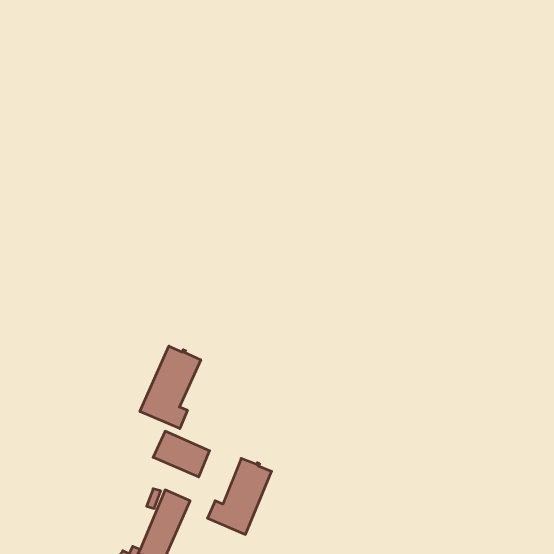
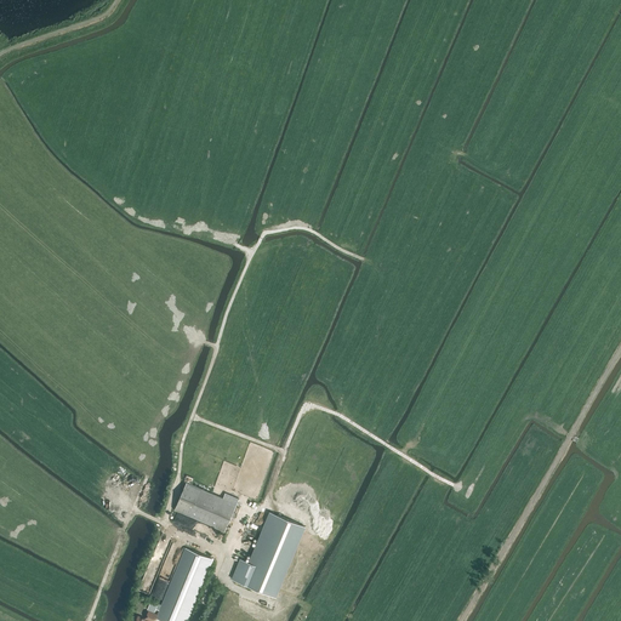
building: [140,346,201,429] -> none

